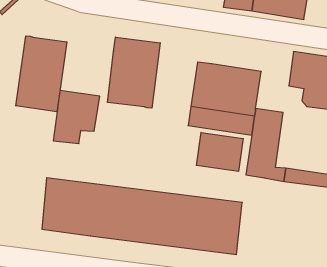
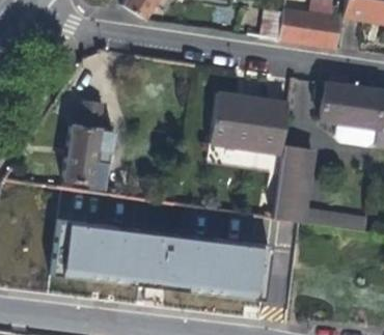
building: [16,36,67,112] -> none
building: [107,37,160,108] -> none
building: [196,132,243,171] -> none

